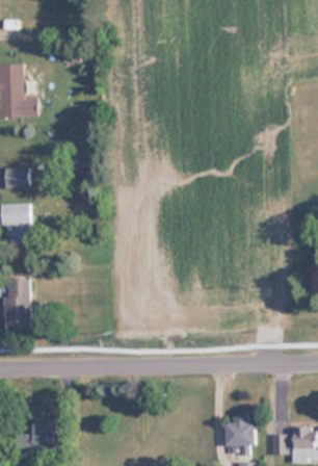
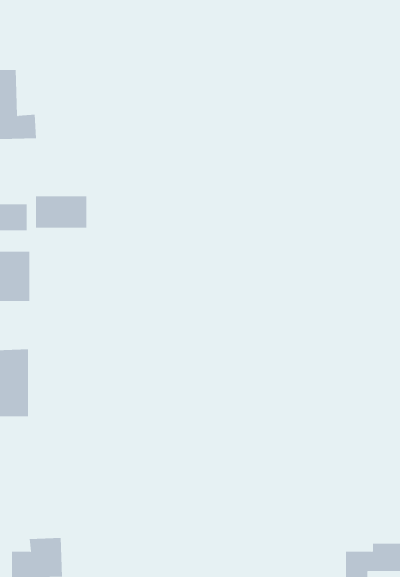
building: none -> [35,196,87,228]
building: [226,415,254,445] -> none

